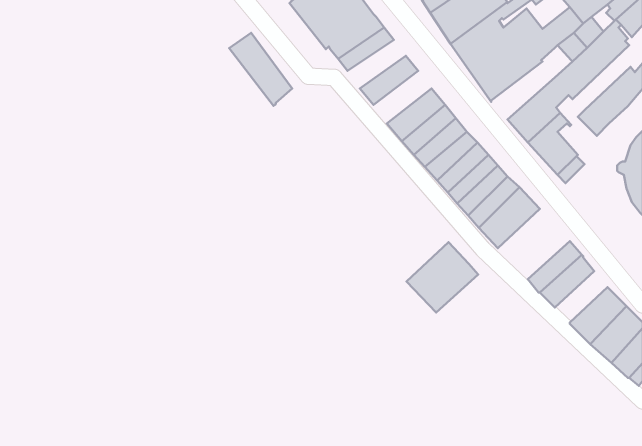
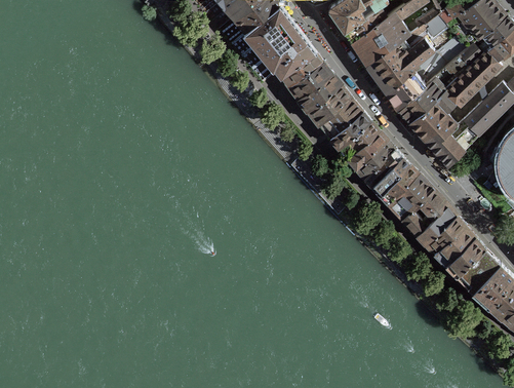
building: [229,33,292,106] -> none
building: none -> [288,62,332,99]
building: none -> [397,68,450,122]
building: none -> [308,85,352,125]
building: [406,242,478,313] -> [402,190,457,243]
building: none -> [445,237,485,276]

